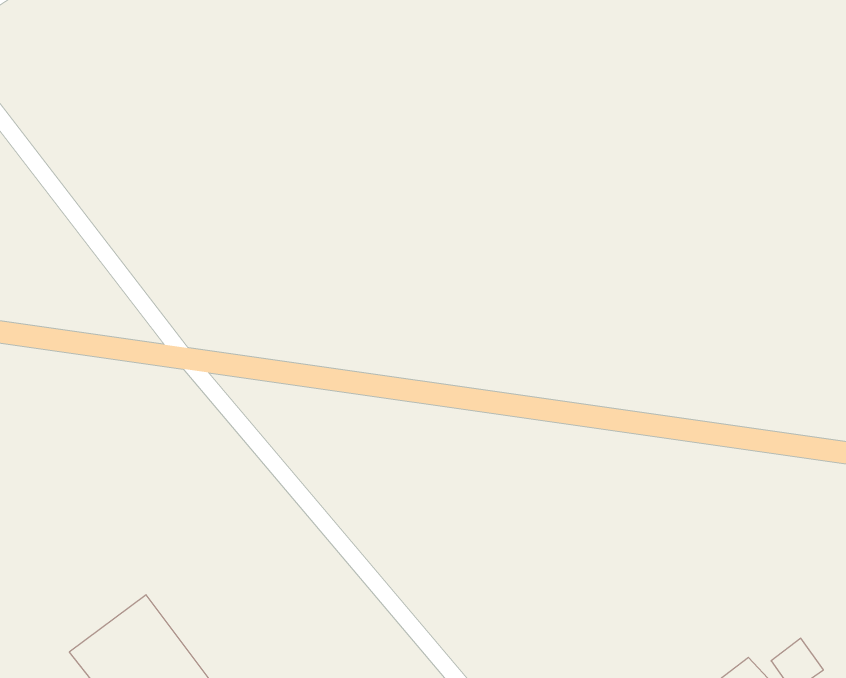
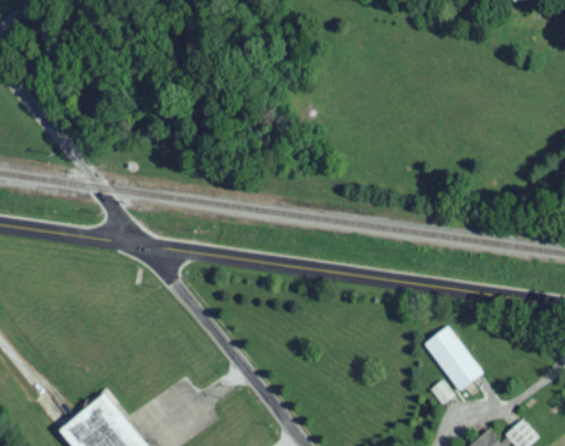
building: none -> [422,326,481,393]

